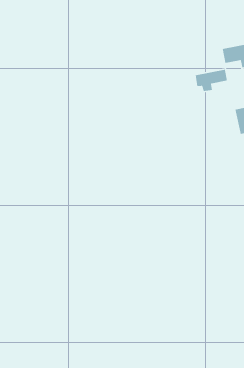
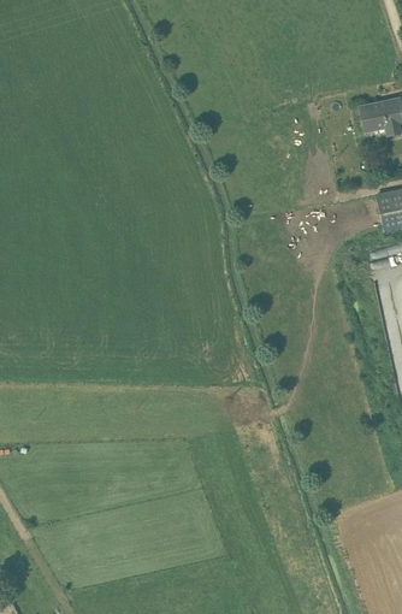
building: [195,69,228,92] -> none

